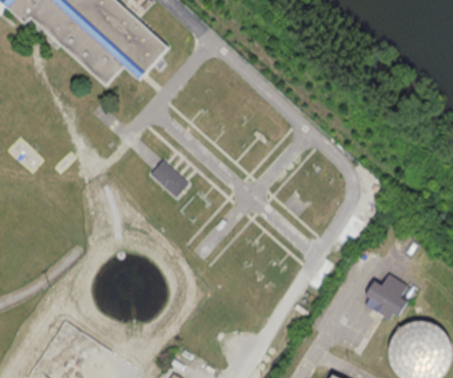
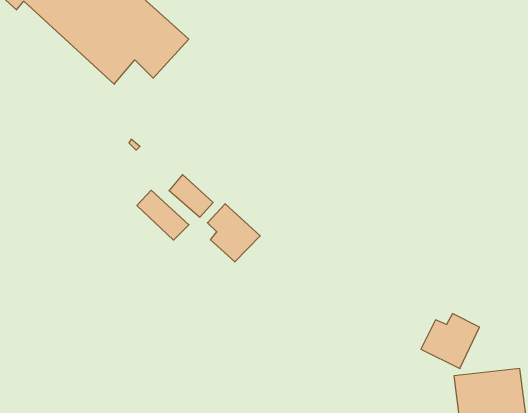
building: none -> [137,190,189,240]
building: none -> [207,204,260,262]

